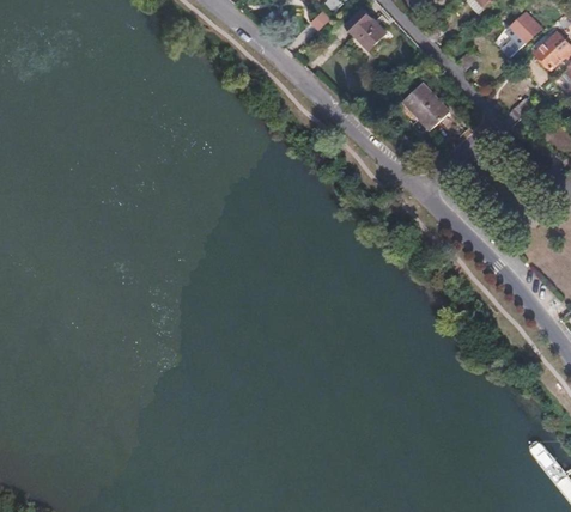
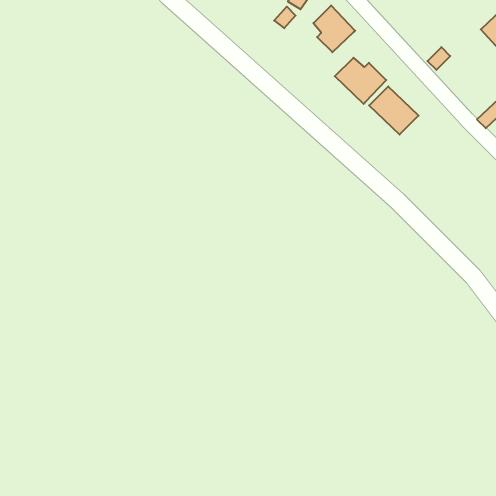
building: none -> [335,58,386,104]

